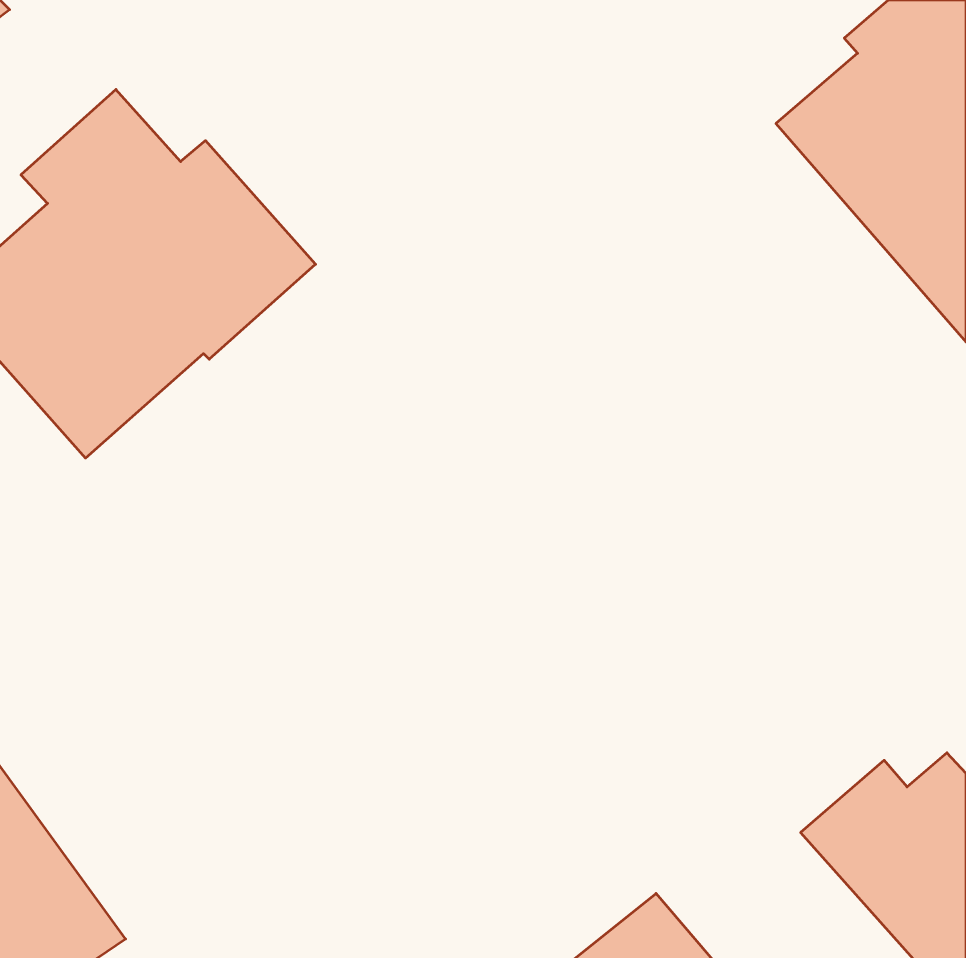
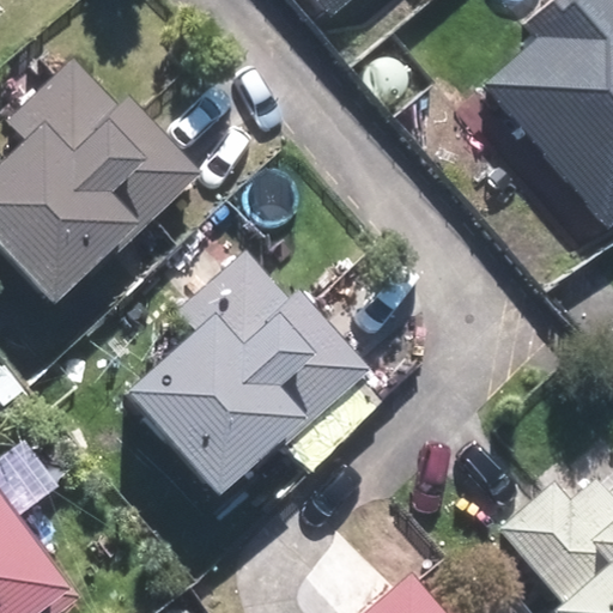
building: none -> [132,255,369,488]

